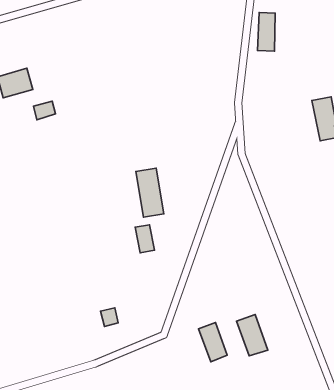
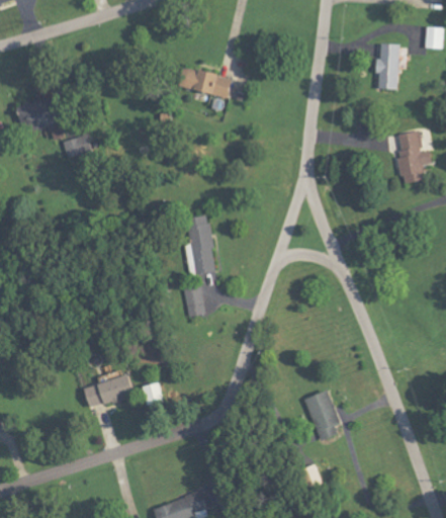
building: [257,12,275,51] -> [376,42,397,89]
building: none -> [184,67,232,96]
building: none -> [84,375,133,408]
building: [198,323,227,362] -> none

